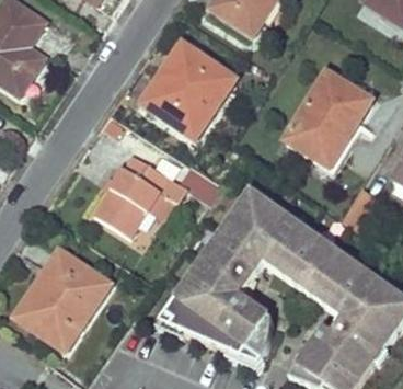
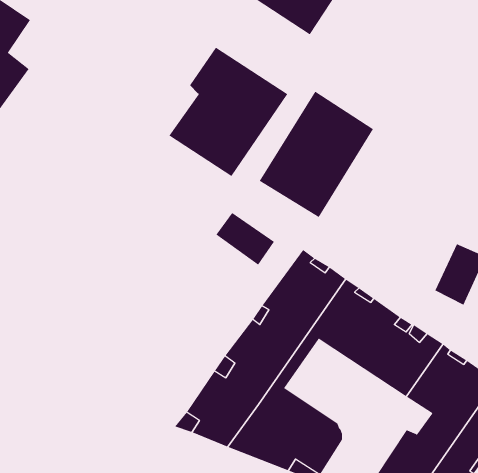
building: [286,75,371,169] -> [259,91,374,218]
building: [92,156,186,238] -> none
building: [30,250,110,351] -> none

